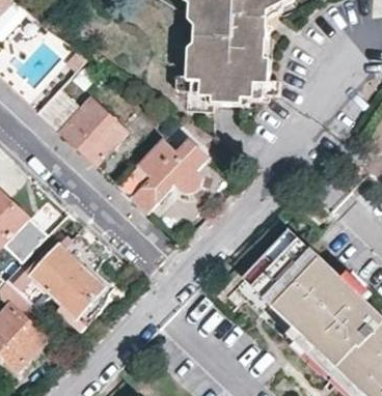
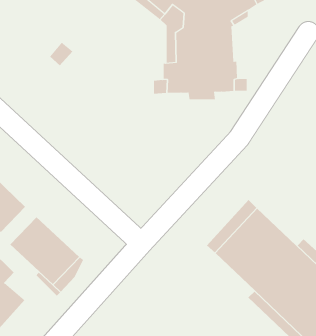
building: [36,85,128,164] -> none
building: [117,132,200,208] -> none

